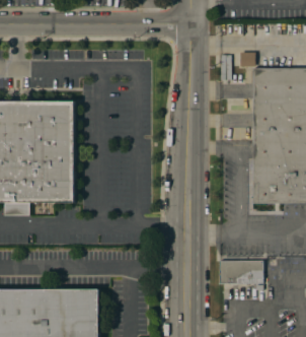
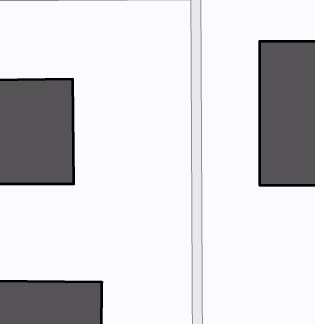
building: [216,260,260,282] -> none

